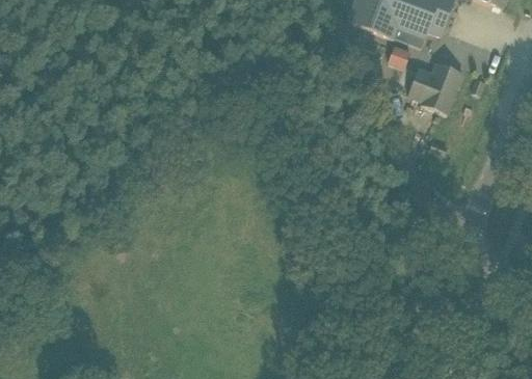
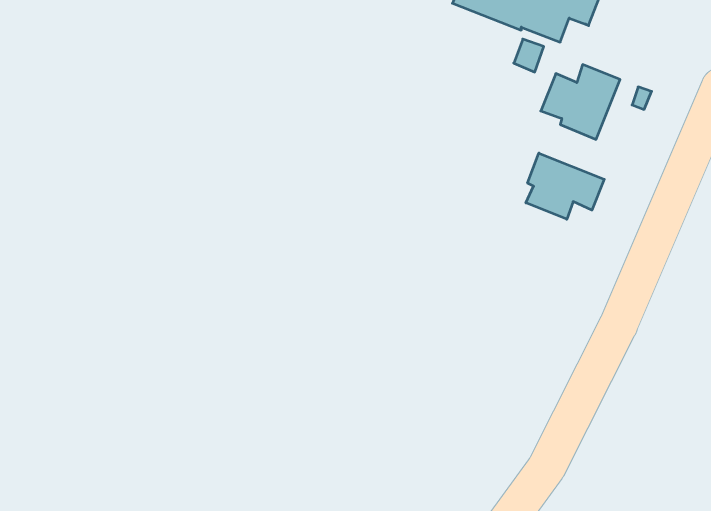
building: none -> [526,153,604,219]

